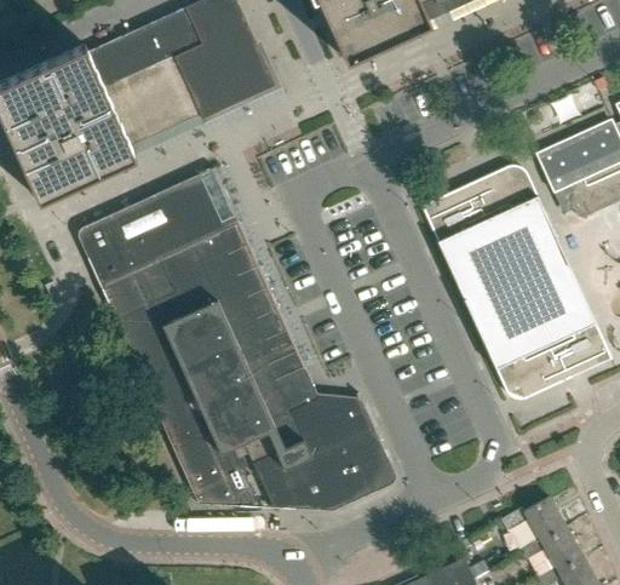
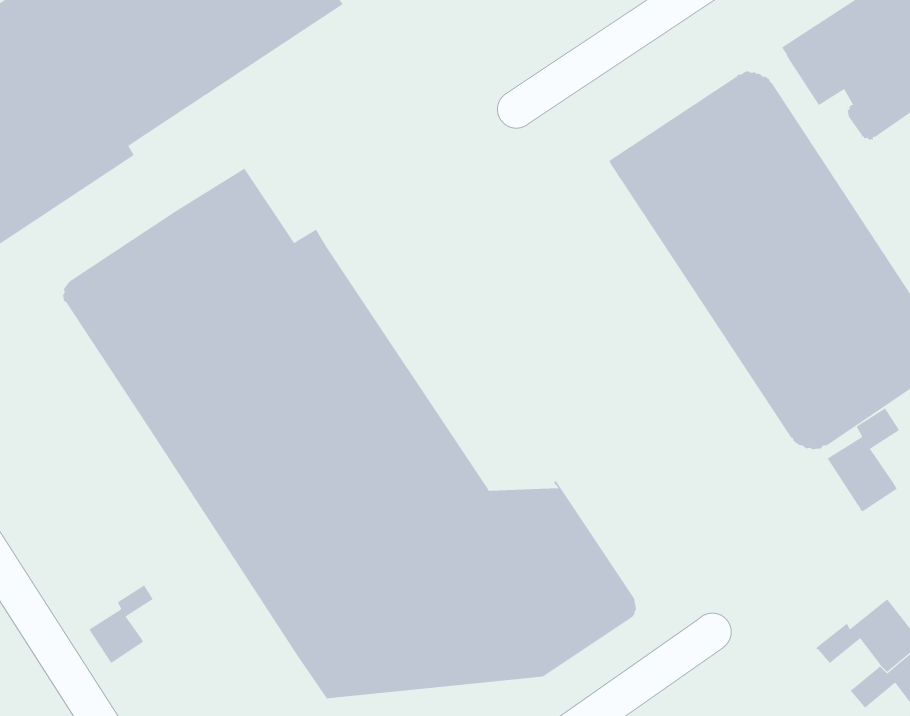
building: none -> [827,408,900,513]
building: none -> [88,585,153,664]

